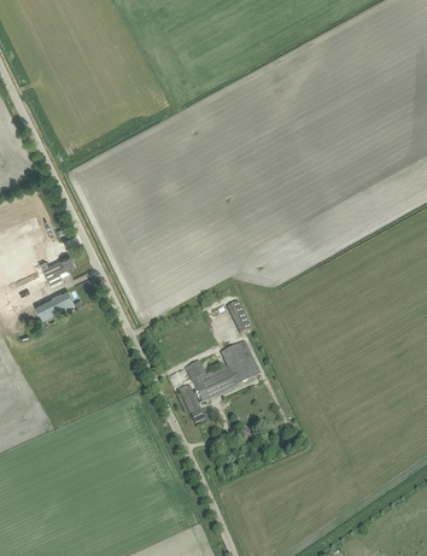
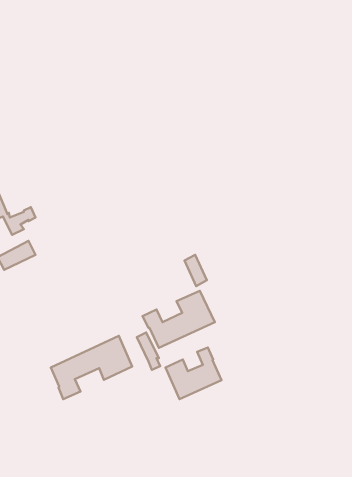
building: none -> [51,336,132,399]
building: none -> [165,348,221,399]

